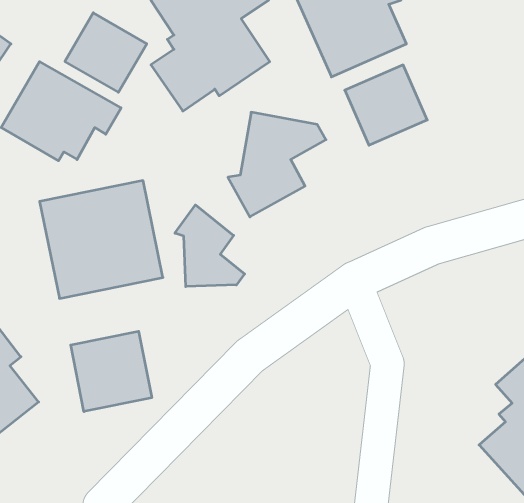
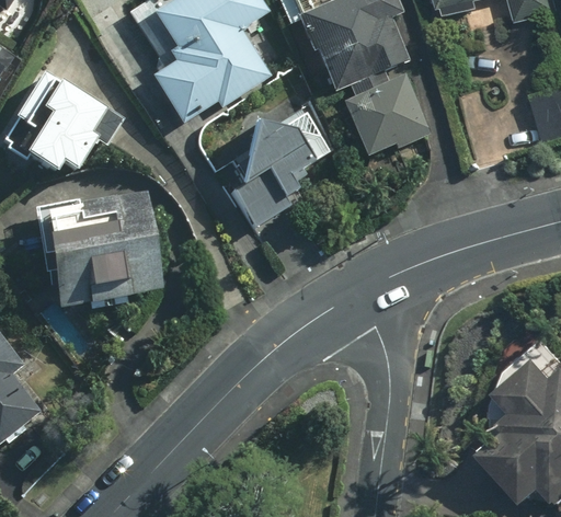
building: [65,13,147,92] -> none
building: [175,205,245,287] -> none
building: [71,331,152,412] -> none

